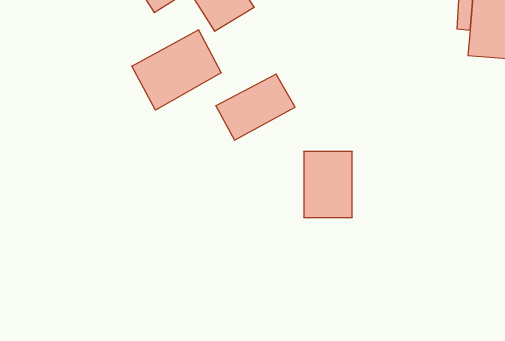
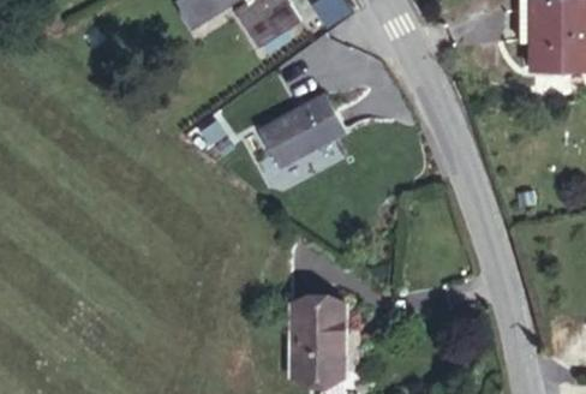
building: [132,30,221,110] -> none
building: [304,151,352,217] -> [292,305,345,377]

